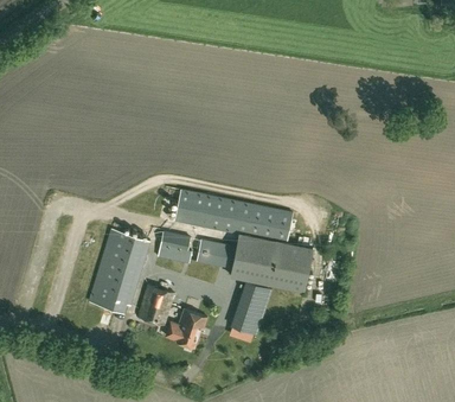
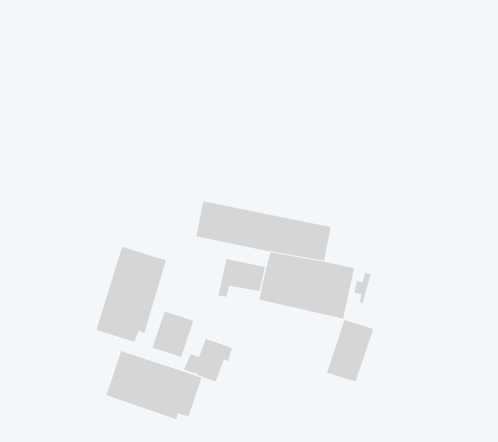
building: [158,231,192,262] -> none
building: [231,280,273,334] -> [326,319,374,382]
building: none -> [106,350,202,420]

